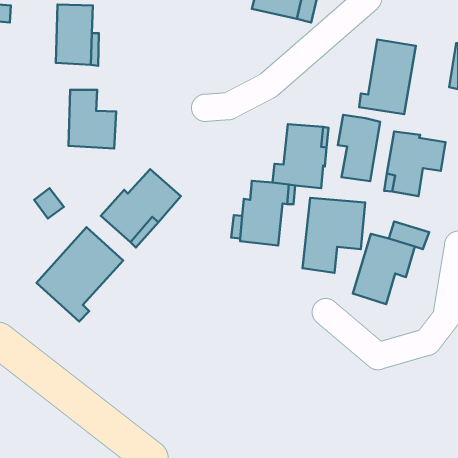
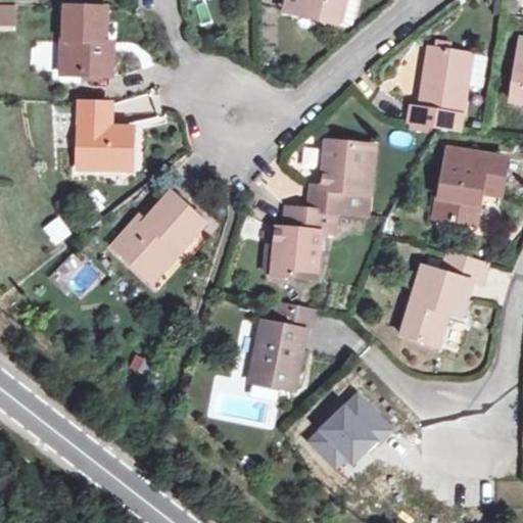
building: [338,115,380,181] -> none
building: [302,198,365,273] -> none
building: [37,227,123,322] -> none
building: none -> [249,321,304,391]
building: none -> [305,390,392,467]

